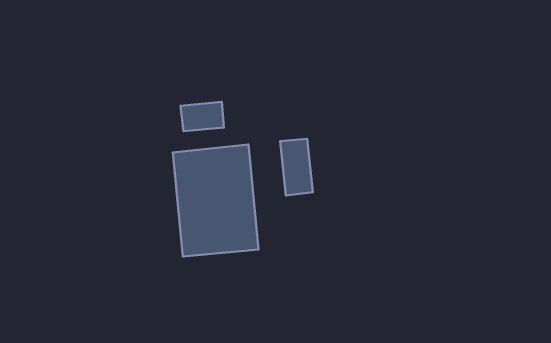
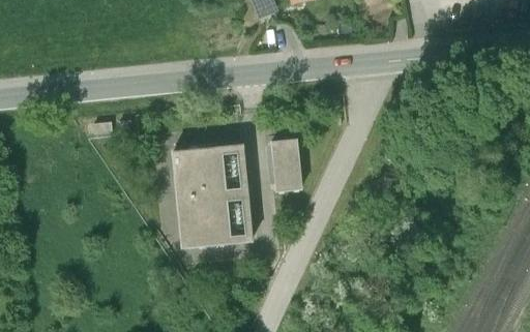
building: [181,102,224,131] -> none

